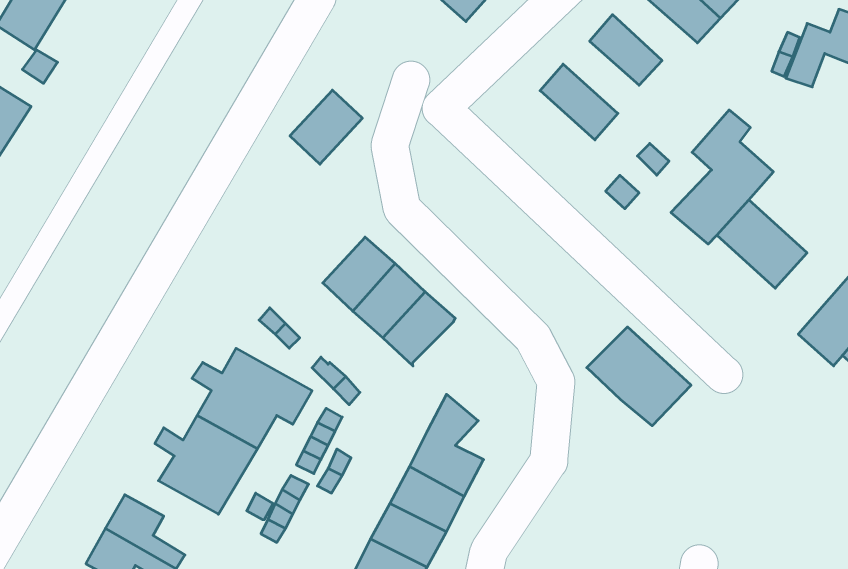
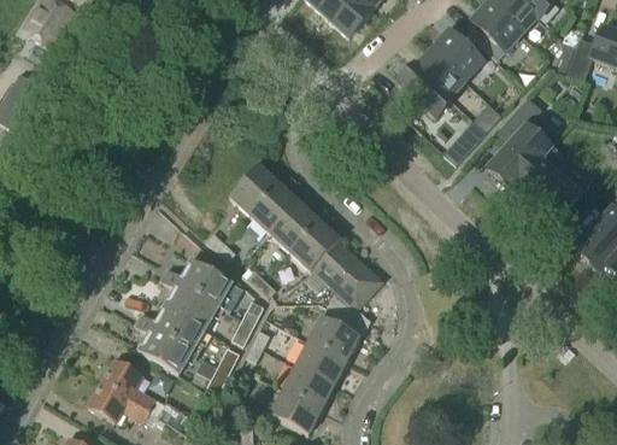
building: none -> [413,51,465,100]
building: [290,90,362,164] -> [229,165,278,216]
building: [587,327,691,426] -> [311,242,382,310]

